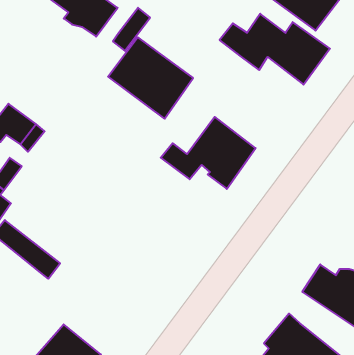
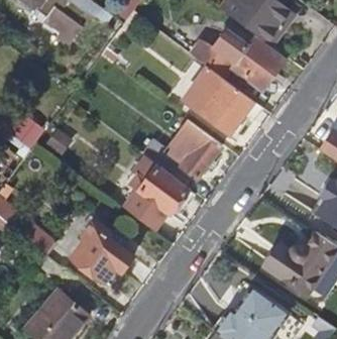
building: [108,37,193,119] -> [183,66,254,134]
building: none -> [125,157,190,231]
building: none -> [74,221,134,279]

